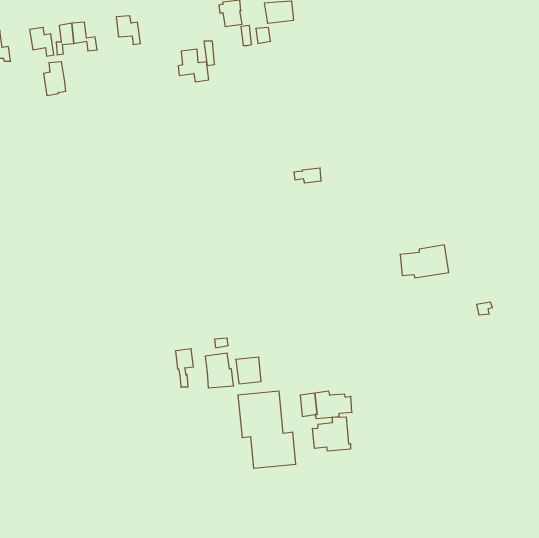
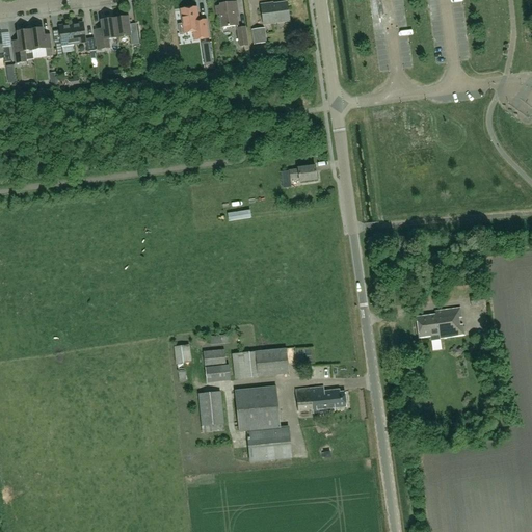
building: none -> [95,17,116,48]
building: [178,49,209,82] -> [178,6,208,38]
building: [44,62,66,96] -> [11,29,33,62]
building: [400,245,449,278] -> [416,307,463,339]
building: none -> [255,347,288,375]
building: none -> [196,390,222,424]
building: [312,417,351,451] -> none

